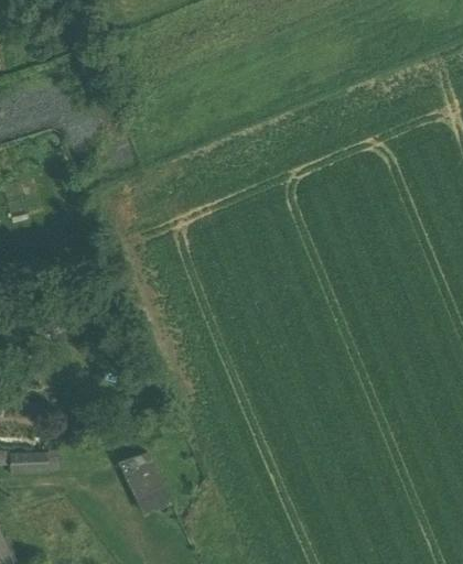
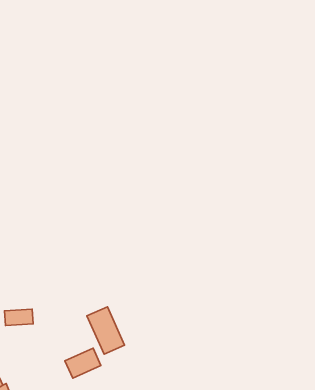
building: none -> [65,348,101,378]

